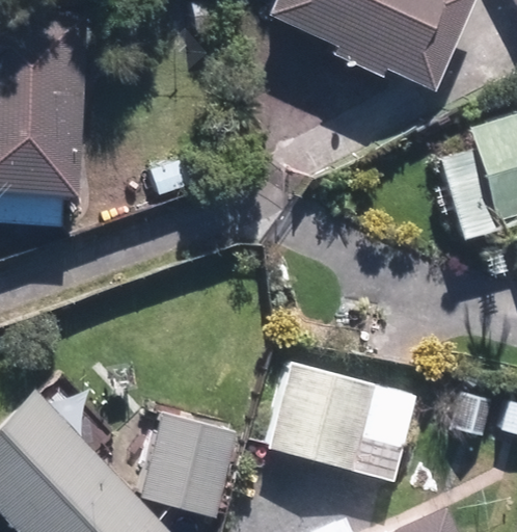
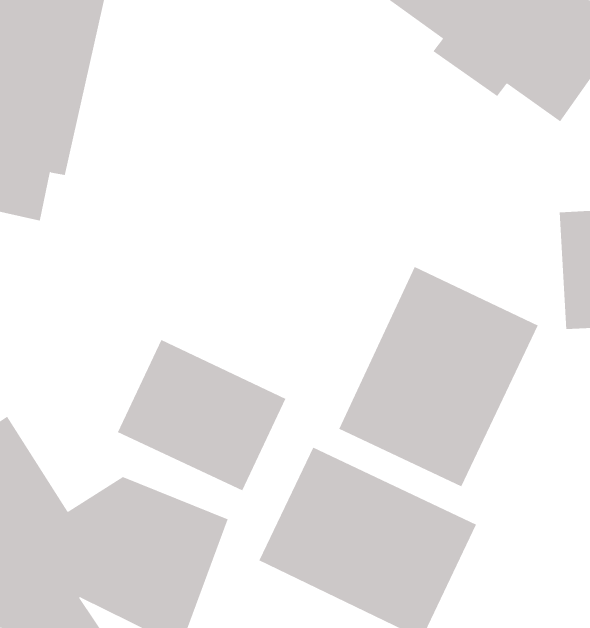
building: none -> [339,266,539,487]
building: none -> [117,339,286,491]

